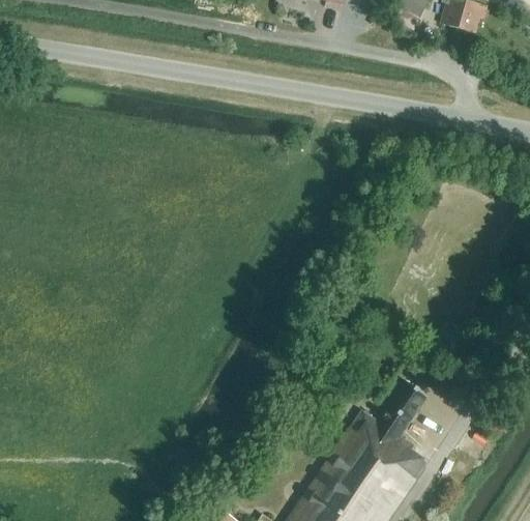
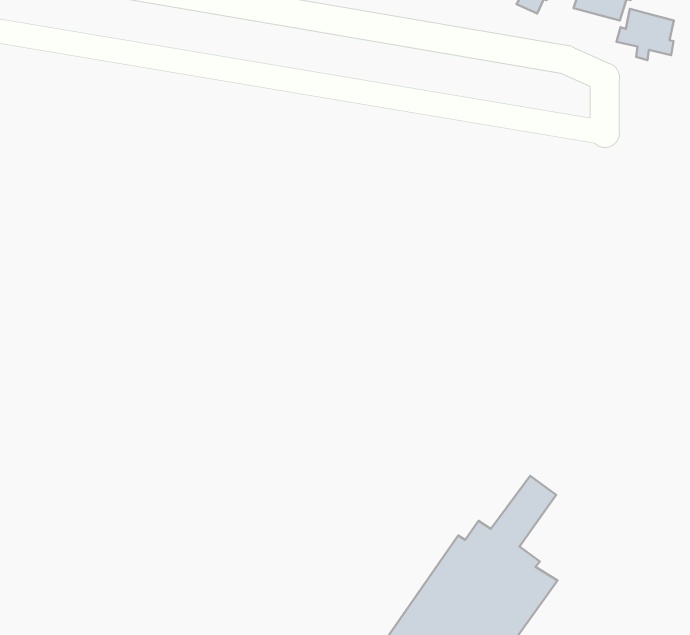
building: none -> [617,9,674,60]

